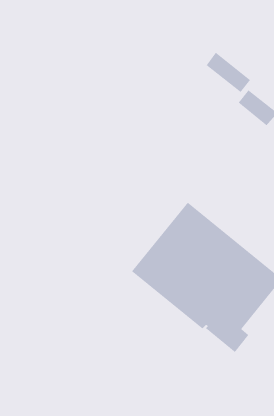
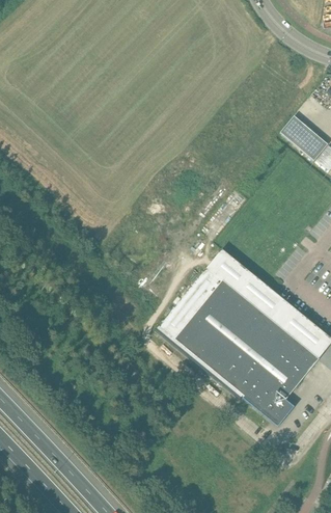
building: [206,52,251,93] -> none

